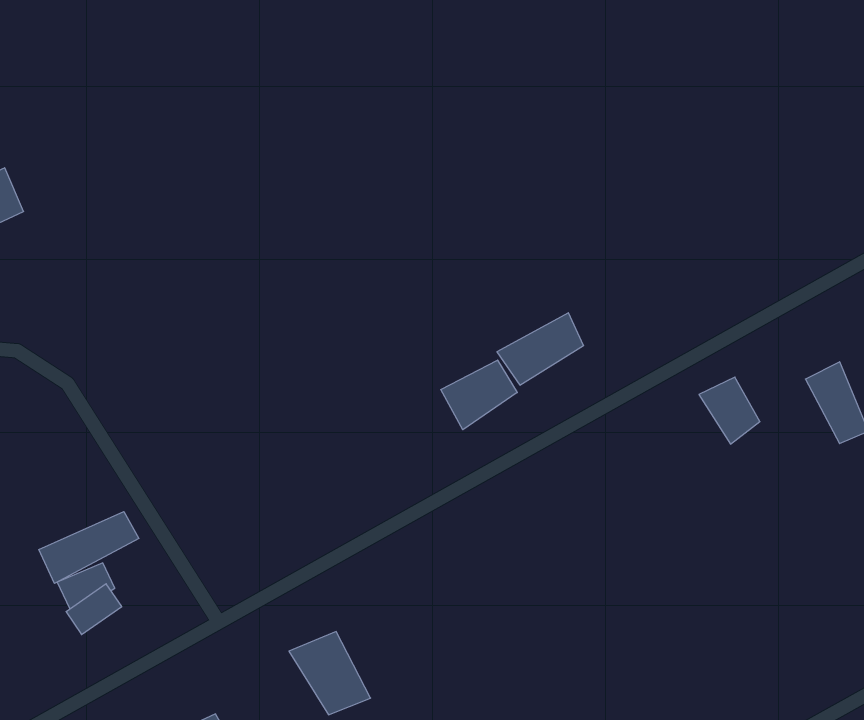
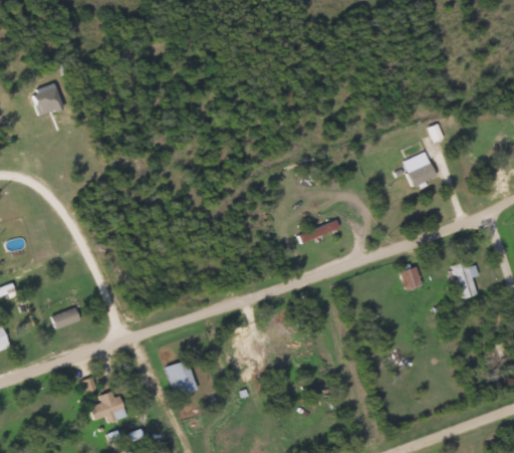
building: none -> [402,154,436,187]
building: [441,360,517,430] -> none
building: [39,512,139,583] -> none

